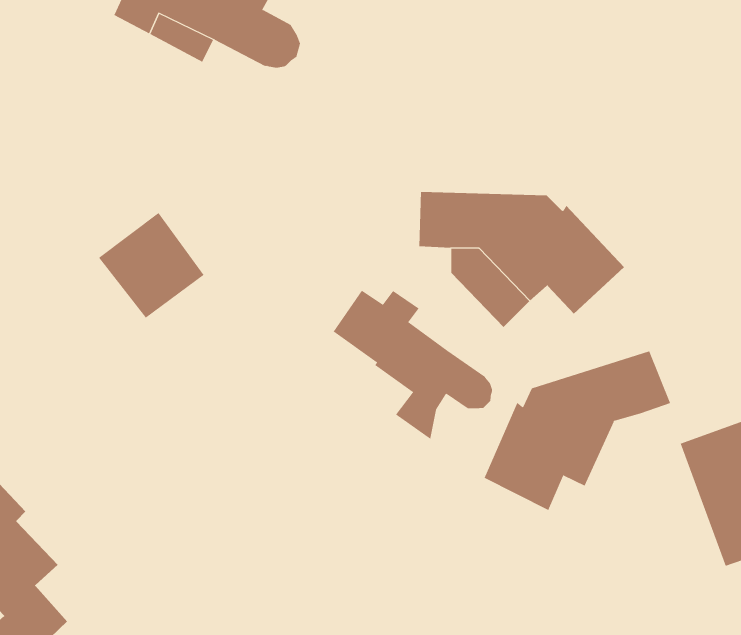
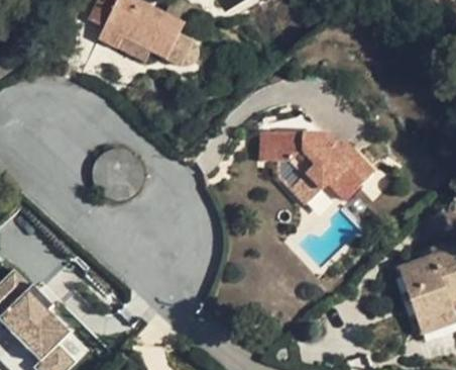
building: [333,290,493,440] -> none
building: [484,351,671,511] -> none

